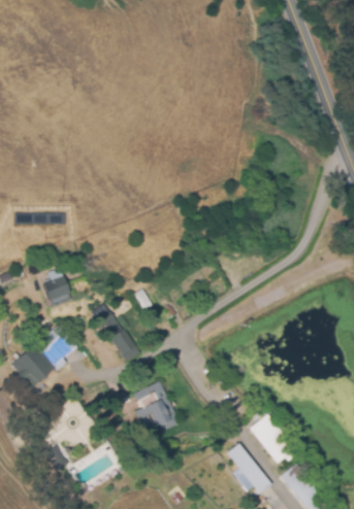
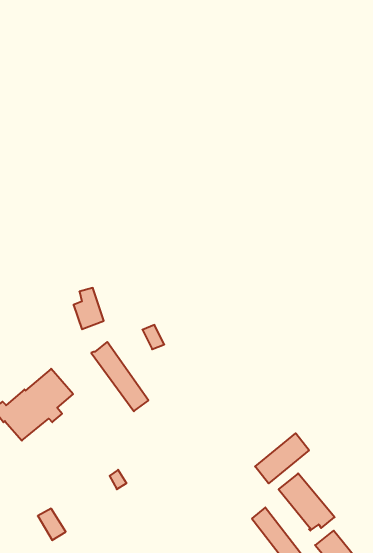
building: [43,270,69,305] -> [73,288,104,329]
building: none -> [255,433,309,483]
building: [134,382,179,432] -> none

